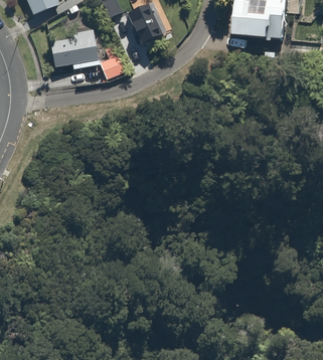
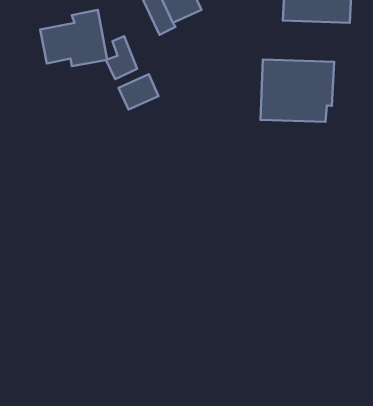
building: none -> [260,59,334,122]
building: none -> [118,74,159,110]

